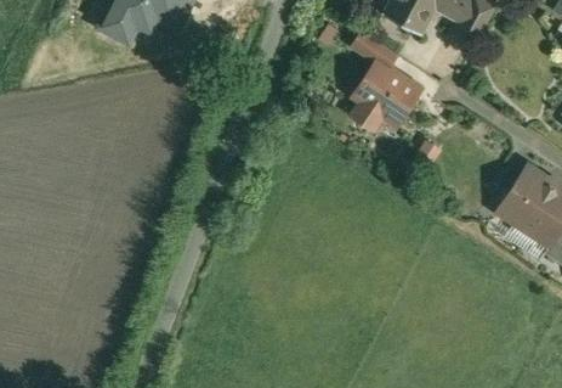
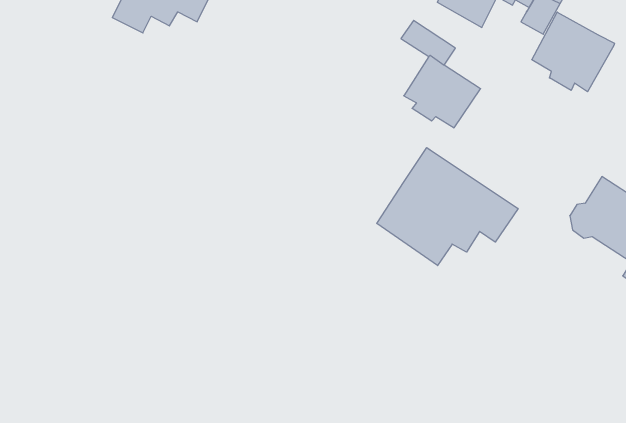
building: none -> [532,12,614,92]
building: none -> [377,148,518,266]

